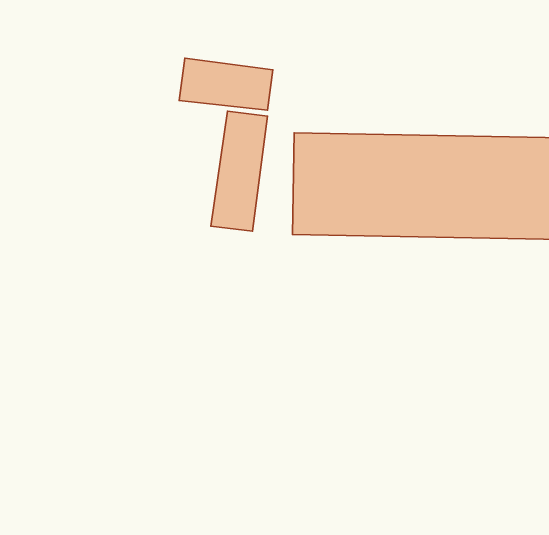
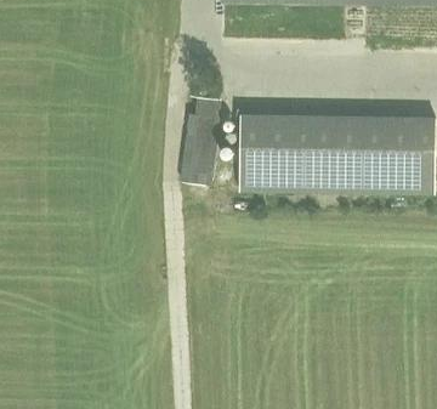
building: [179,58,273,110] -> none

